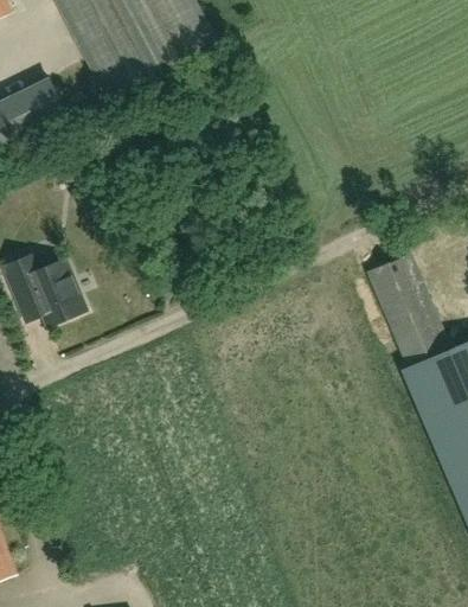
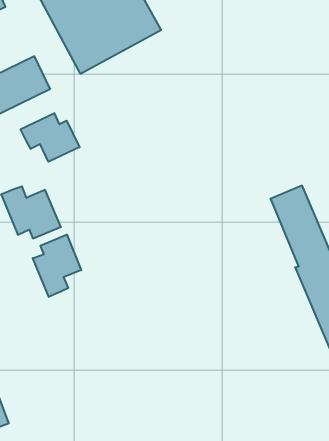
building: none -> [21,113,80,162]
building: none -> [33,235,81,297]

